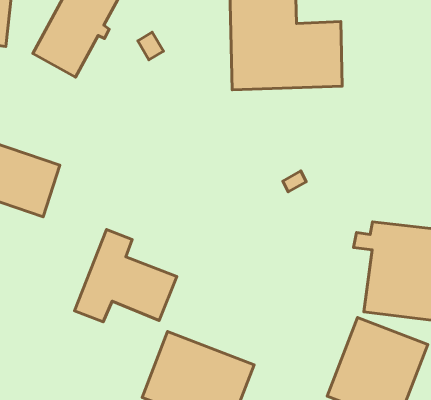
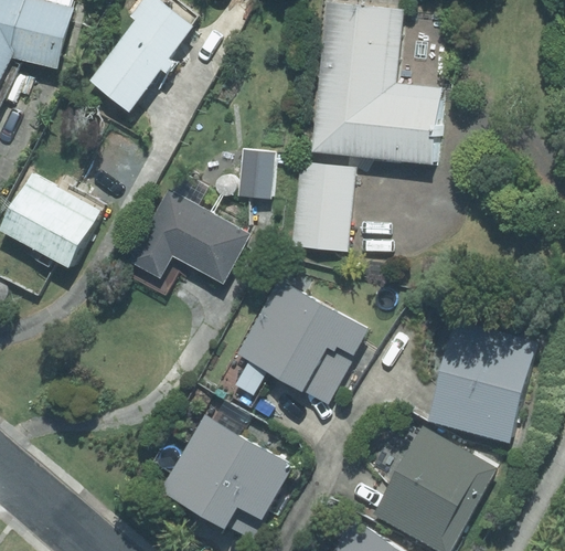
building: none -> [237,149,274,199]
building: none -> [284,162,352,252]
building: none -> [235,277,371,403]
building: [75,229,177,322] -> [129,172,250,284]

